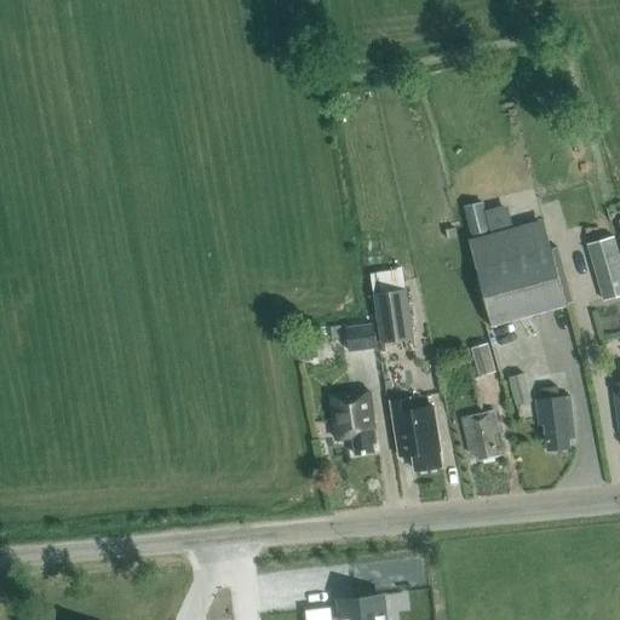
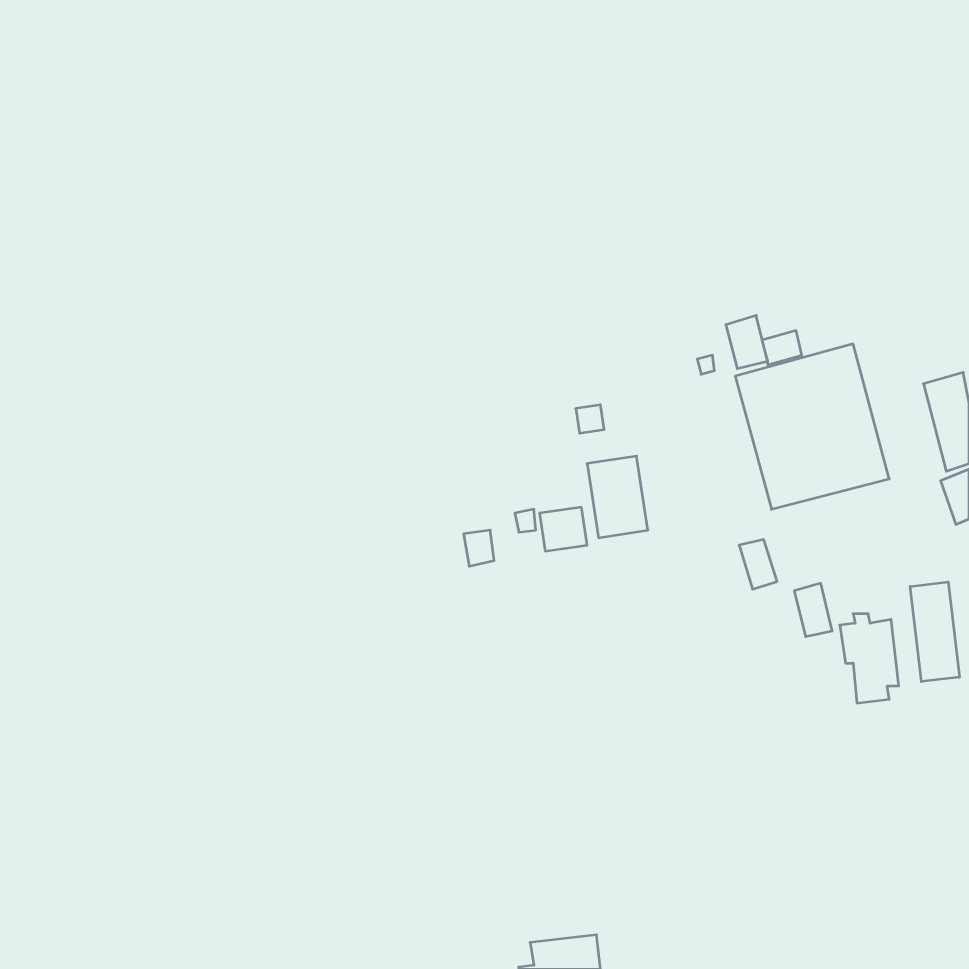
building: none -> [910,582,959,682]
building: [328,389,374,454] -> none
building: [390,397,441,470] -> none
building: [463,412,499,460] -> none

